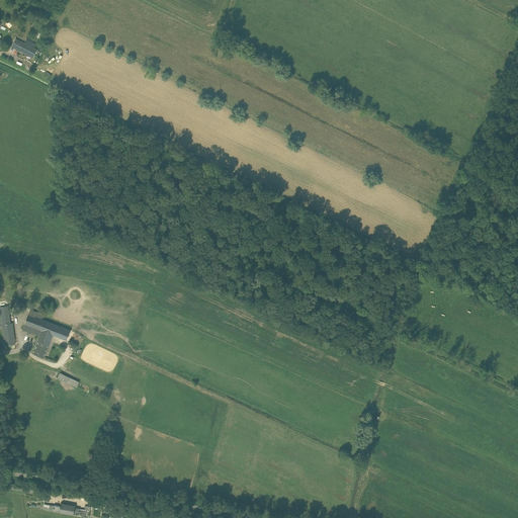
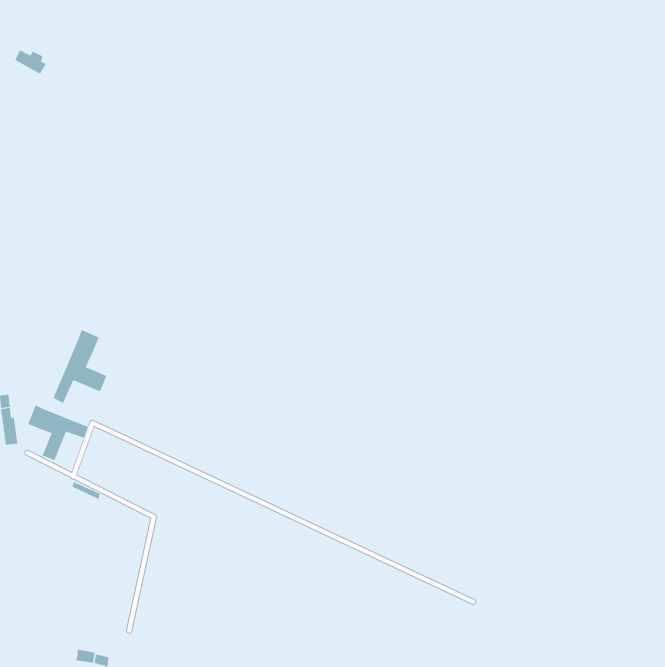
building: none -> [53,329,107,404]

